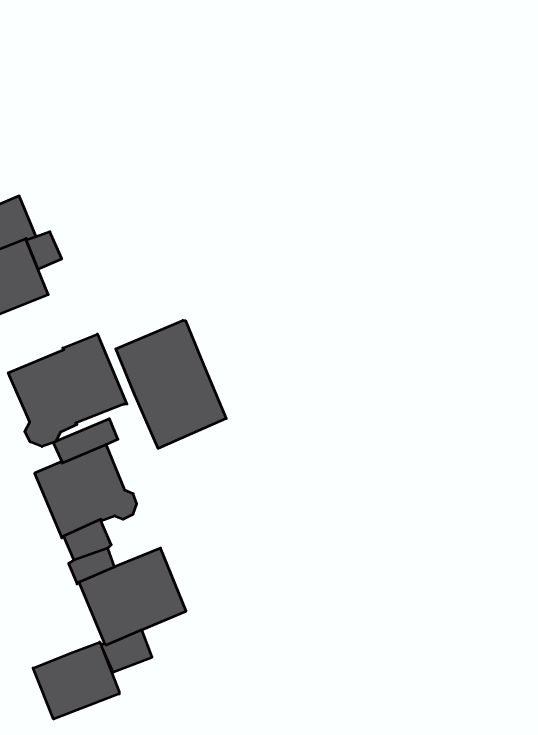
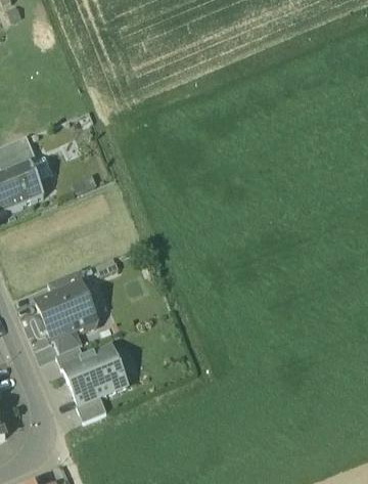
building: [116,320,226,448] -> none
building: [8,334,127,447] -> none
building: [33,642,119,719] -> none

